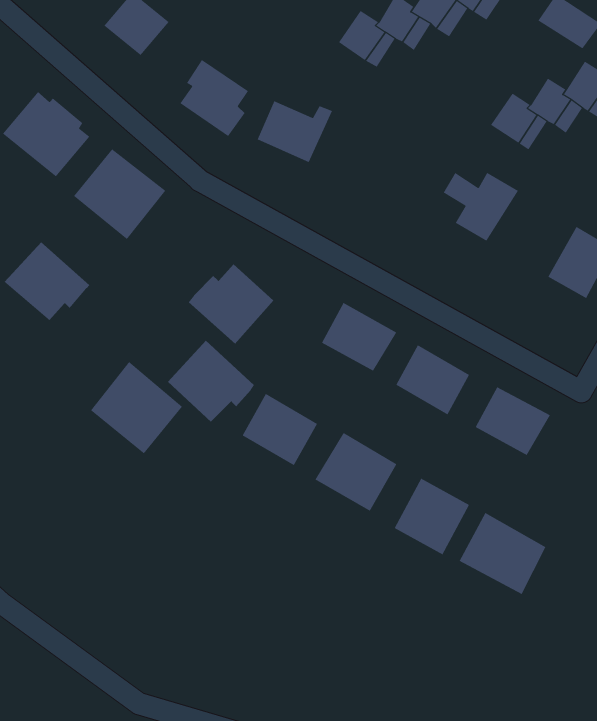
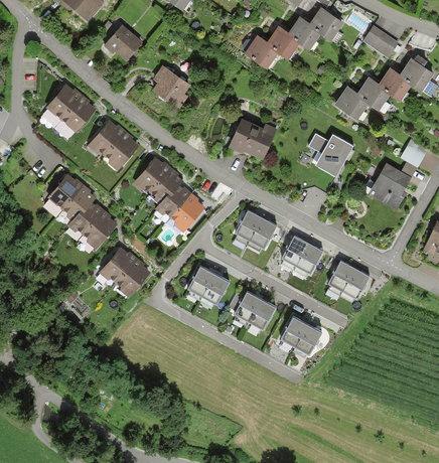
building: [257,101,333,163] -> [229,120,274,157]
building: none -> [66,201,119,251]
building: [167,340,255,422] -> [131,156,183,205]
building: [459,512,546,595] -> none

